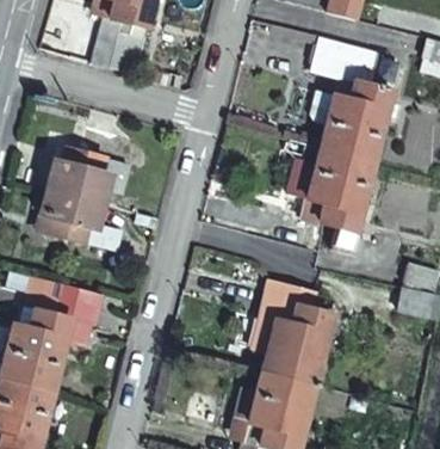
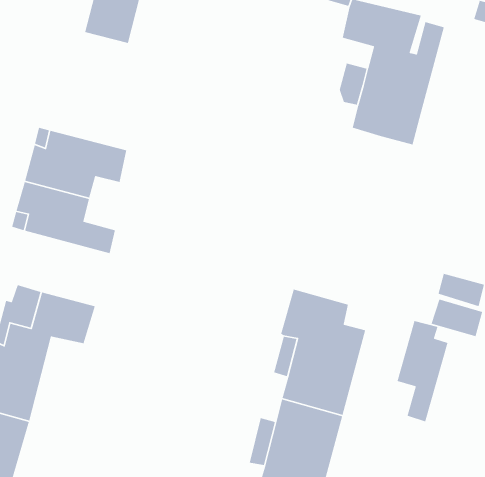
building: [302,147,371,254] -> none
building: none -> [396,320,448,422]

